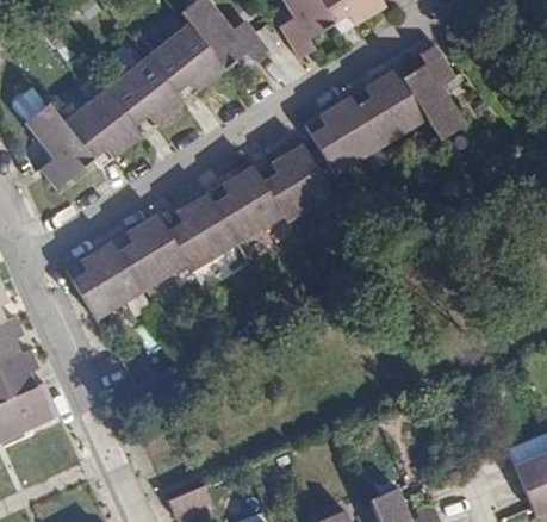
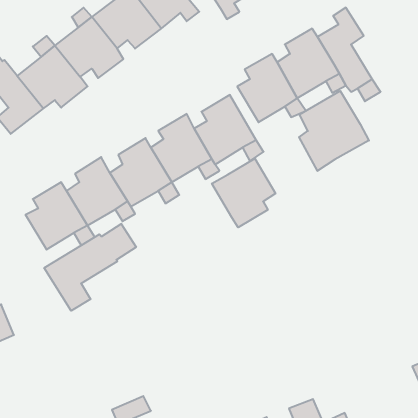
building: none -> [299,91,369,171]
building: none -> [212,158,275,227]
building: none -> [44,224,136,311]

